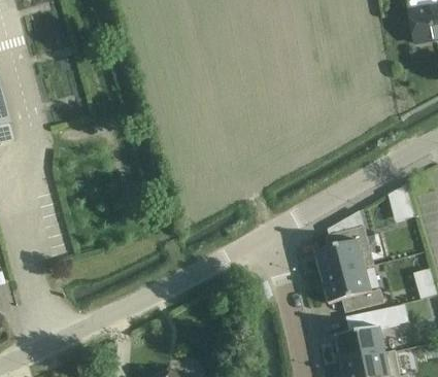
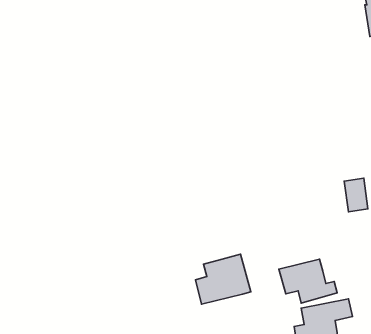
building: [316,227,372,277] -> [195,254,251,304]

